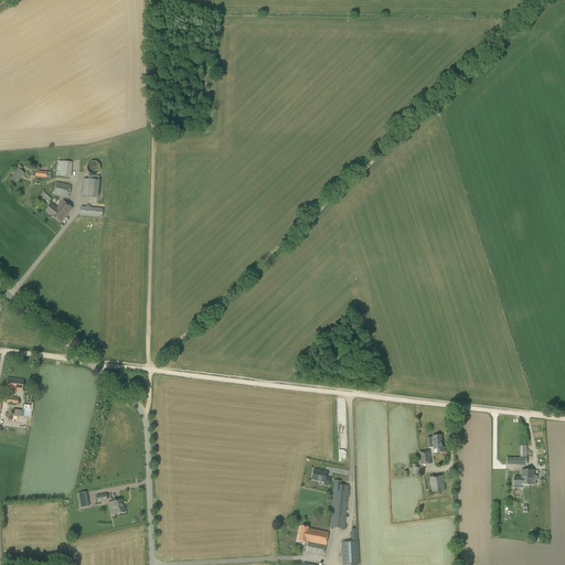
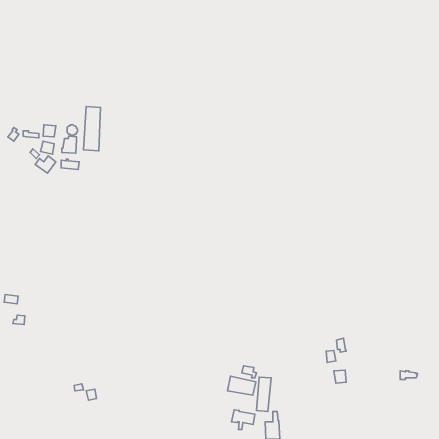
building: none -> [83,106,100,151]
building: none -> [227,376,256,395]

